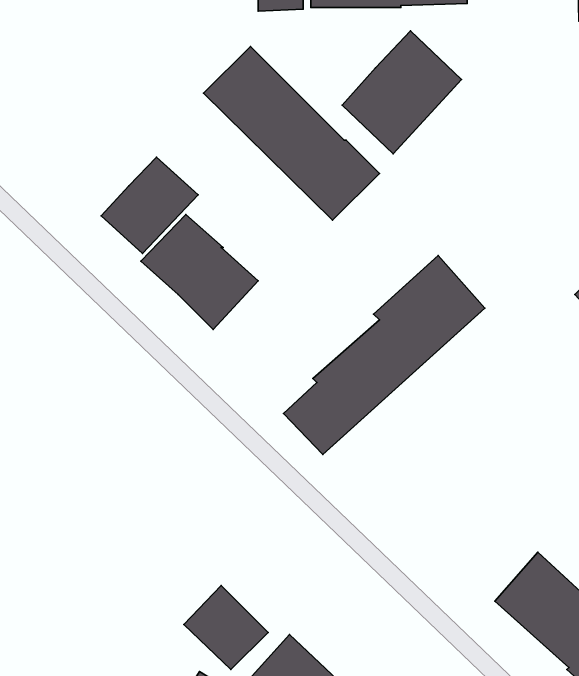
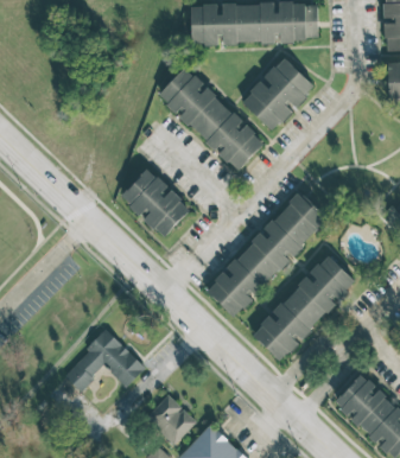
building: [101,157,198,253] -> none
building: none -> [252,255,357,362]
building: none -> [63,330,146,392]

